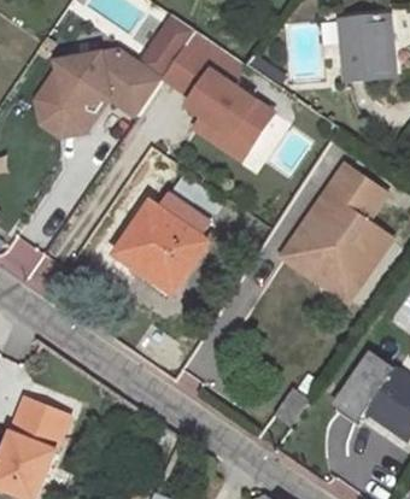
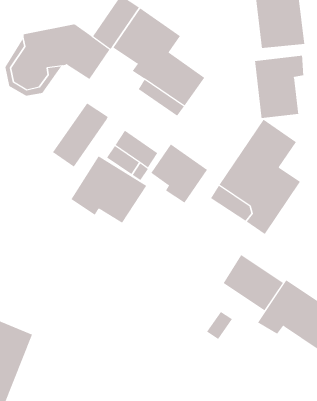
building: none -> [254,55,304,119]
building: none -> [52,102,109,168]
building: none -> [151,144,208,203]
building: none -> [223,254,284,311]

